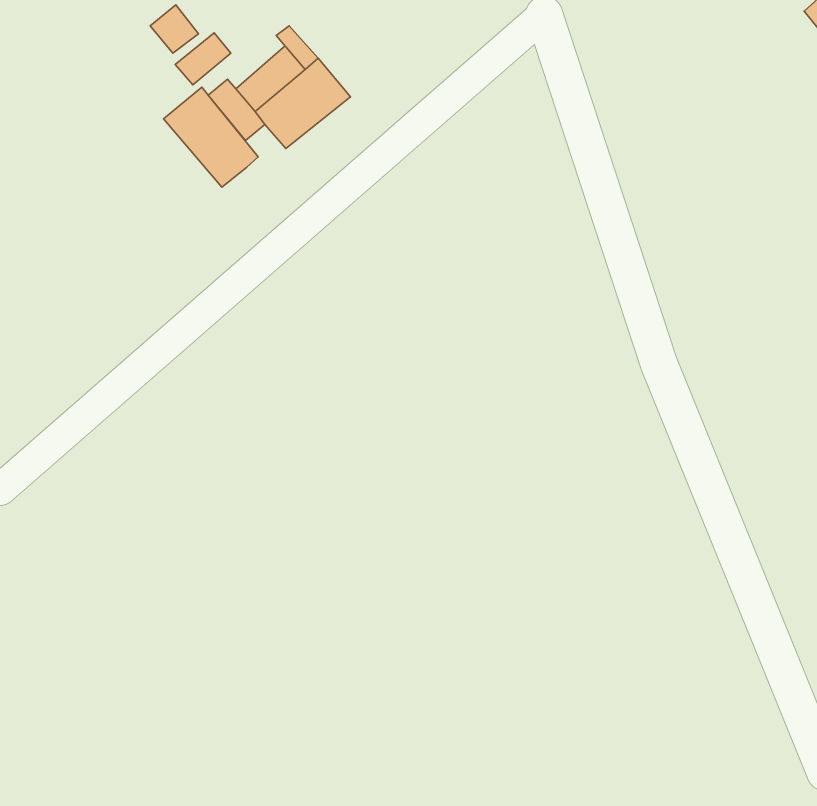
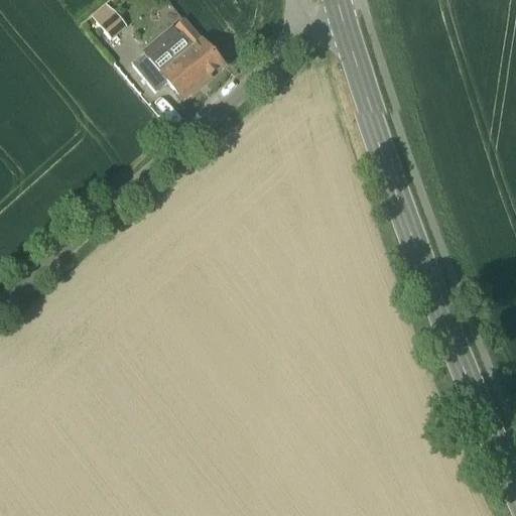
building: [175,33,231,85] -> none
building: [164,87,258,187] -> none

